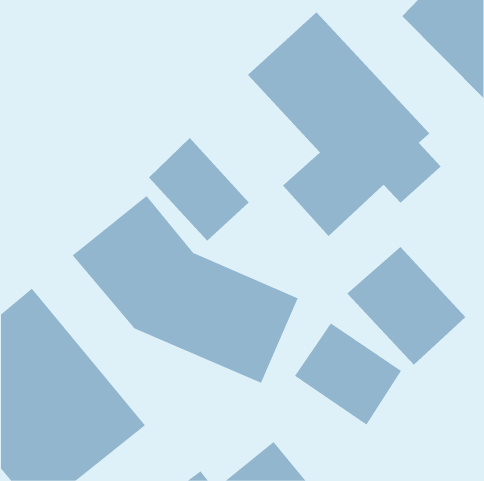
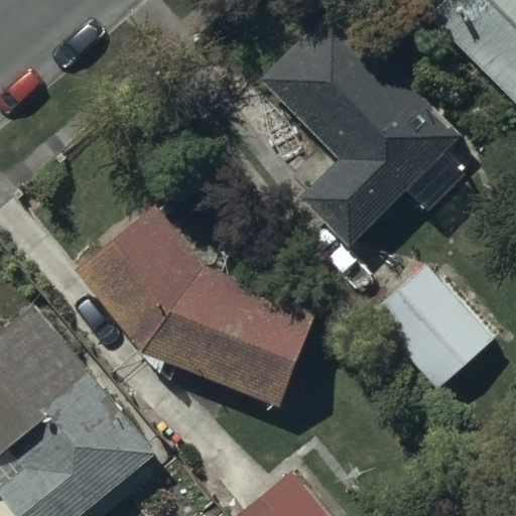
building: [148,137,250,241] -> none
building: [294,322,402,426] -> none

